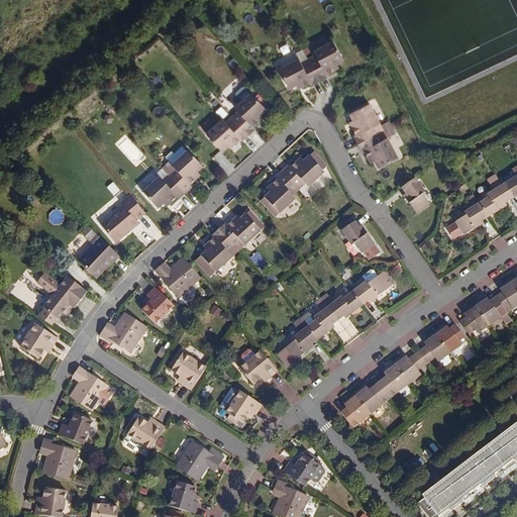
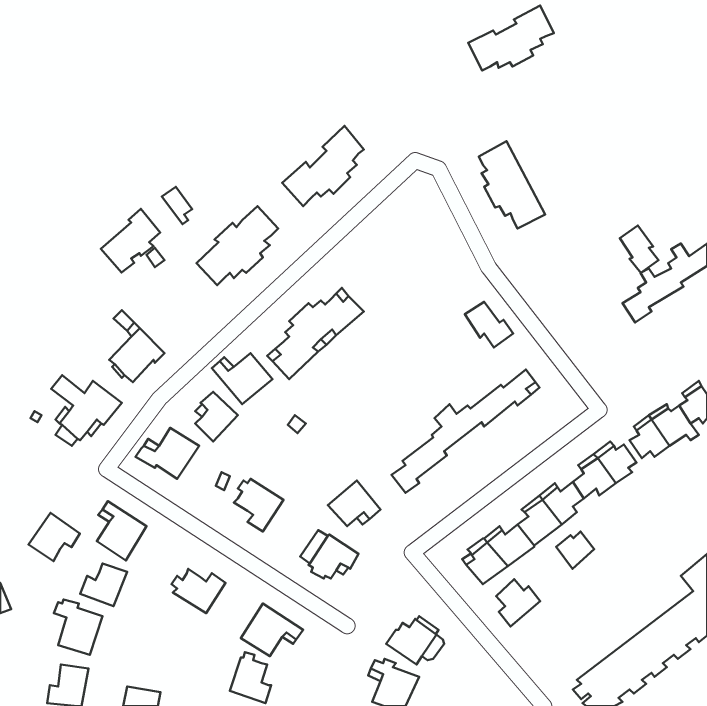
building: [281,40,343,88] -> [468,6,554,71]
building: [264,156,326,217] -> none
building: [402,178,430,212] -> [620,226,659,273]
building: [103,196,146,242] -> [101,209,160,272]
building: [19,322,57,357] -> [29,513,80,561]
building: none -> [556,532,594,569]
building: none -> [496,579,540,627]

